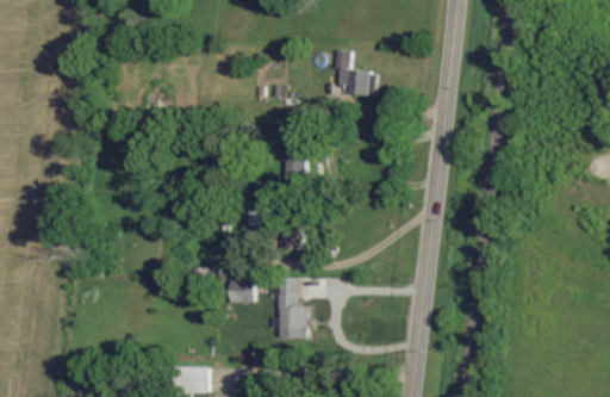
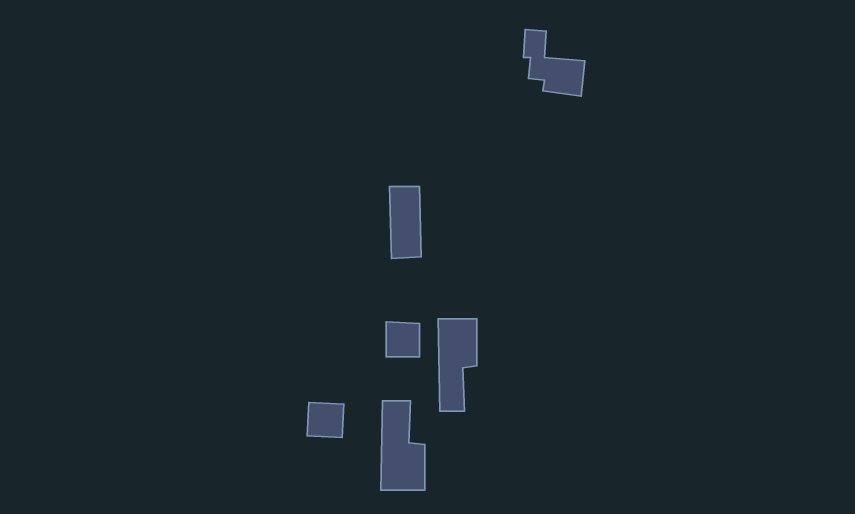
building: [334,50,375,95] -> [523,29,585,96]
building: none -> [438,319,477,411]

